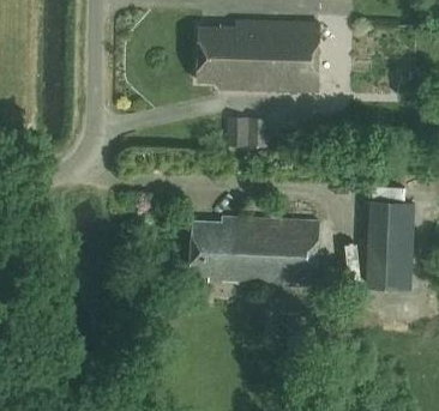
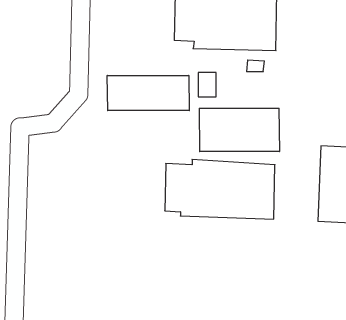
building: none -> [107,75,189,111]
building: none -> [199,108,279,152]

